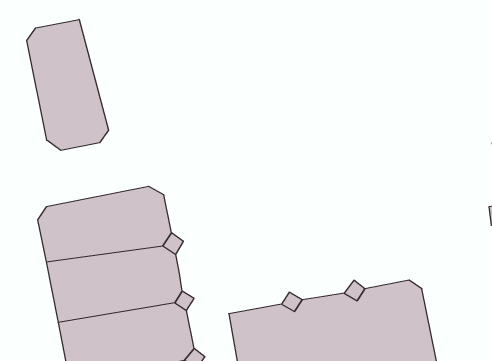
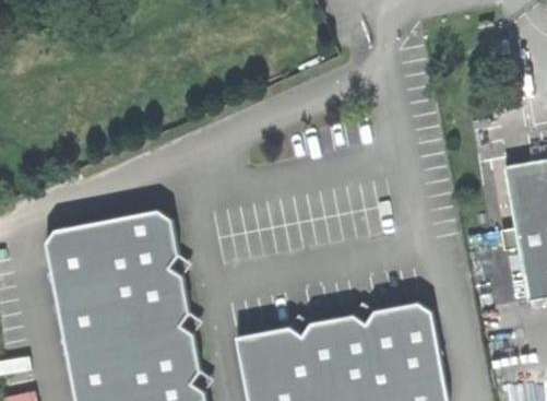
building: [27,19,109,150] -> none

